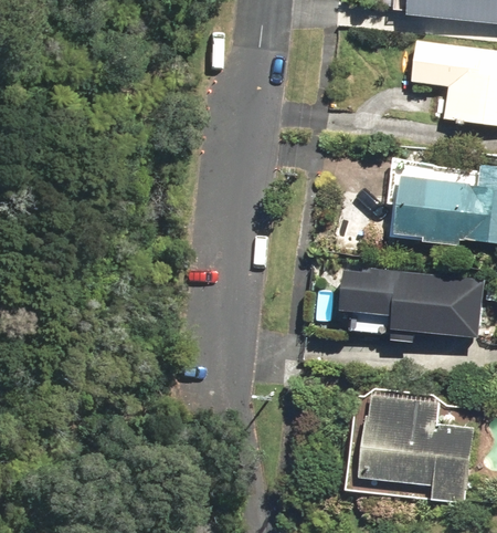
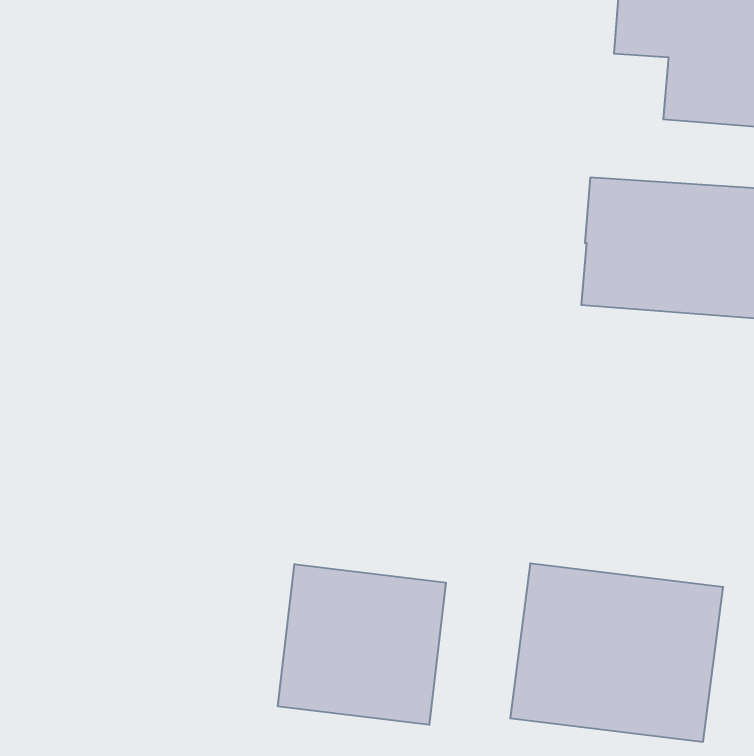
building: [338,261,487,339] -> none
building: none -> [278,564,446,725]

